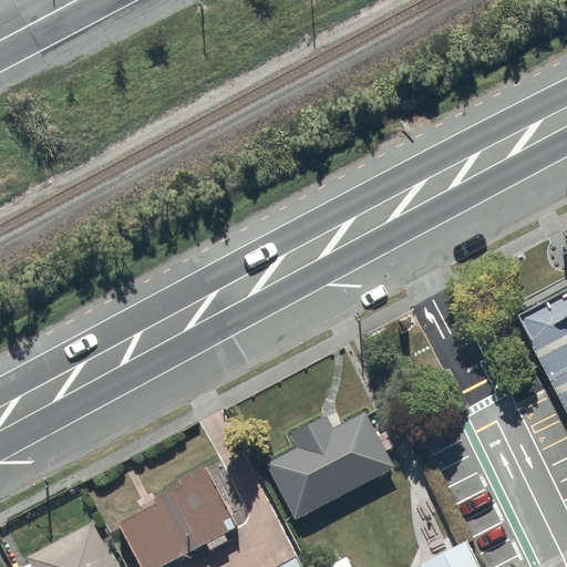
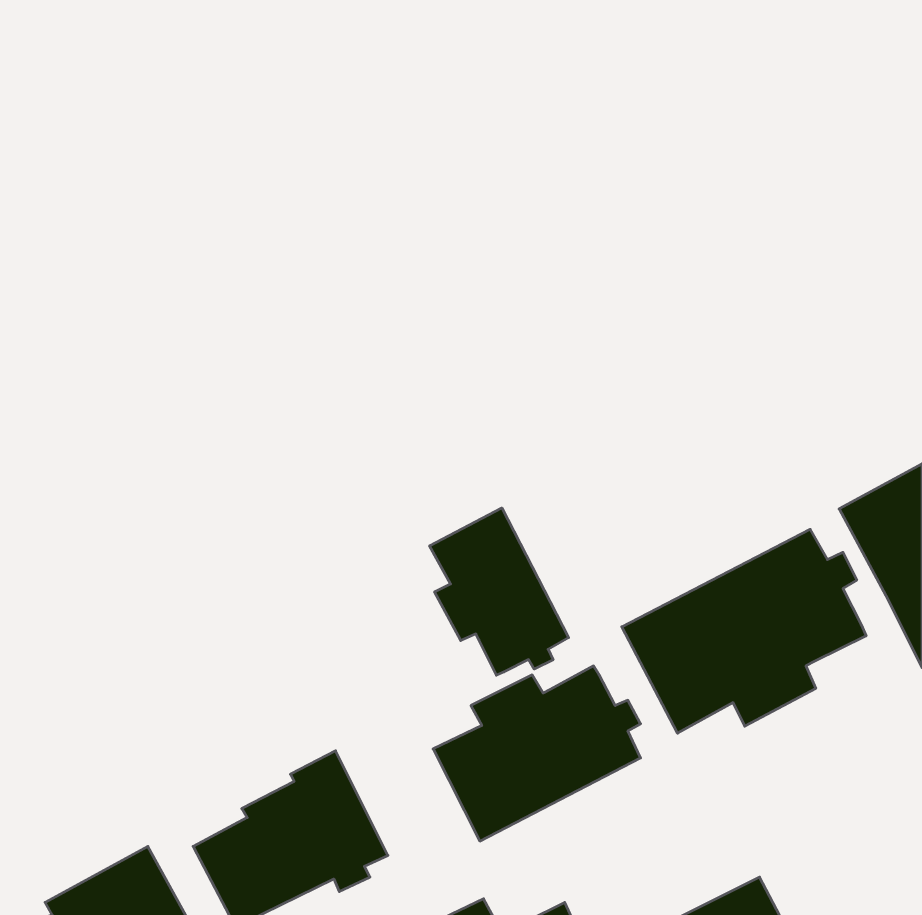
building: none -> [430,508,569,675]
building: none -> [622,529,866,733]

